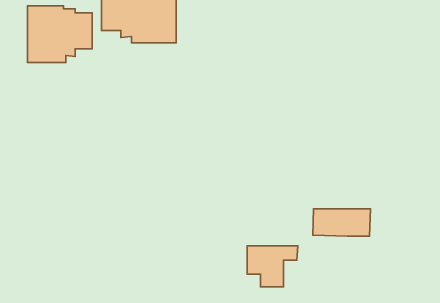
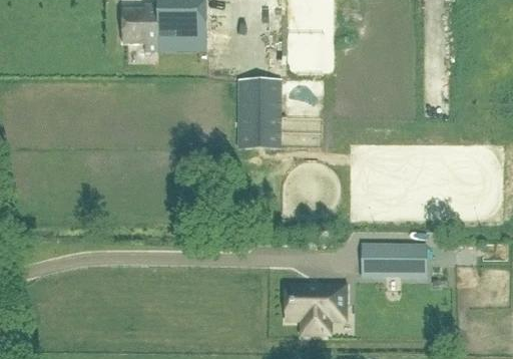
building: [27,6,92,62] -> none
building: none -> [237,77,282,145]

